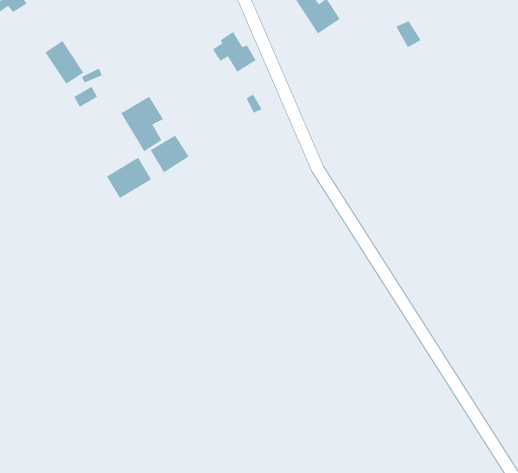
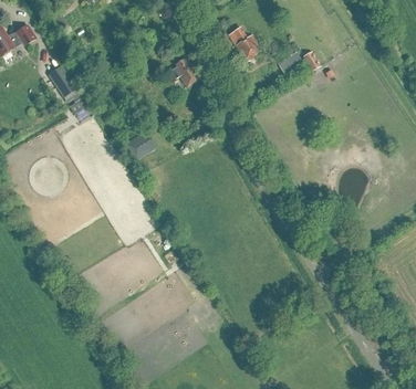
building: [121,96,164,152] -> none
building: [106,157,152,199] -> none

